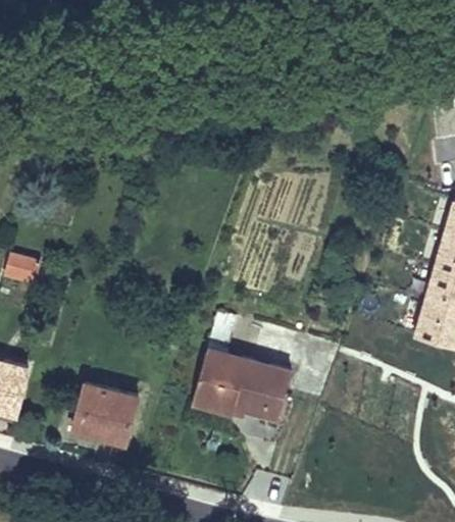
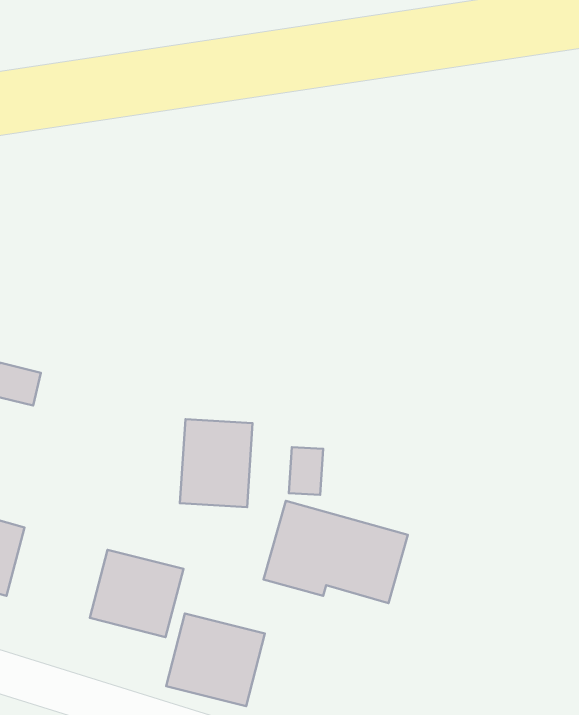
building: none -> [180,419,253,507]
building: none -> [166,614,265,706]

